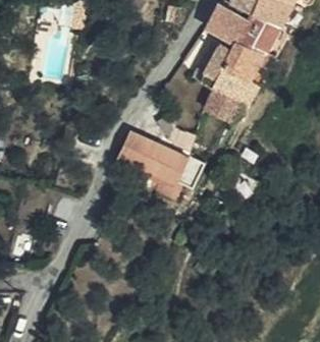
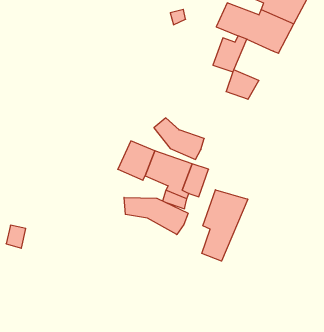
building: [222,61,259,100] -> none
building: none -> [202,190,248,261]
building: none -> [124,197,188,235]

